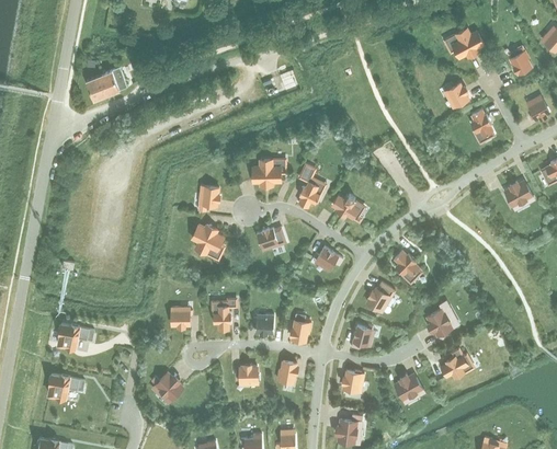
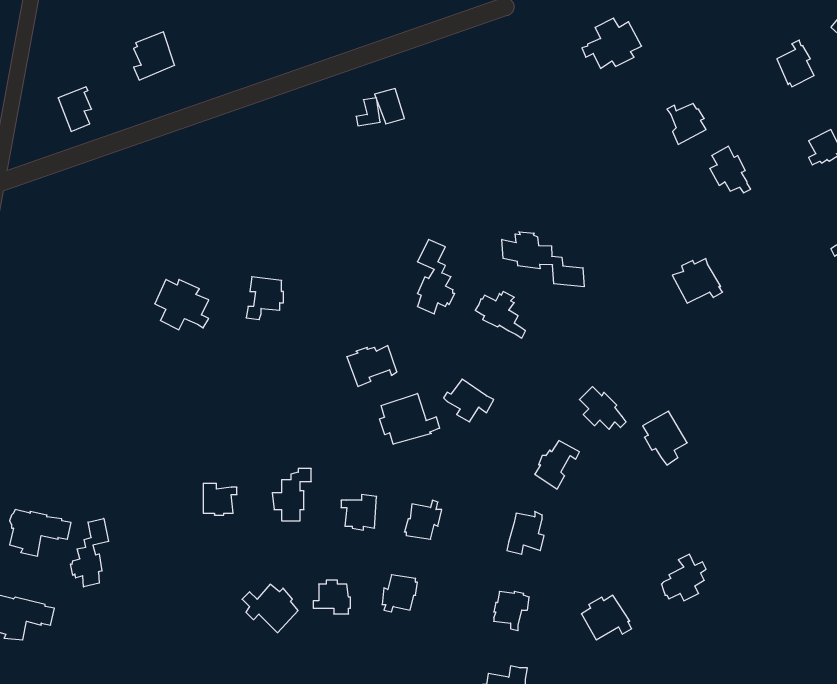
building: [448,27,484,57] -> [582,18,642,68]
building: [102,67,126,95] -> [134,32,175,80]
building: none -> [502,232,584,287]
building: [253,159,285,184] -> none
building: [504,180,534,206] -> [672,259,723,303]
building: [192,223,224,253] -> [155,279,209,330]
building: none -> [380,393,440,444]
building: [427,308,453,339] -> [643,411,687,465]
building: none -> [71,518,109,587]
building: [150,371,183,400] -> [242,584,298,633]

